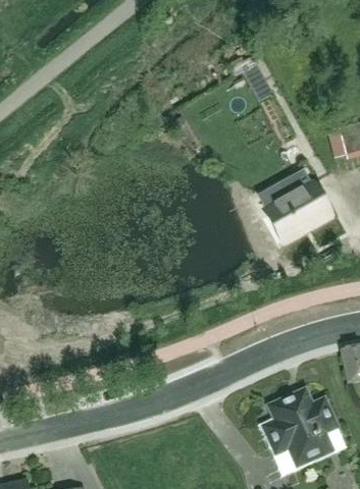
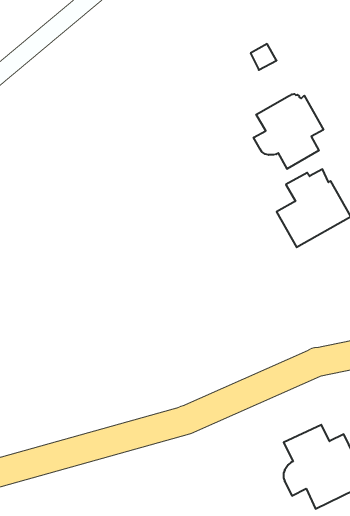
building: none -> [254,94,323,169]

